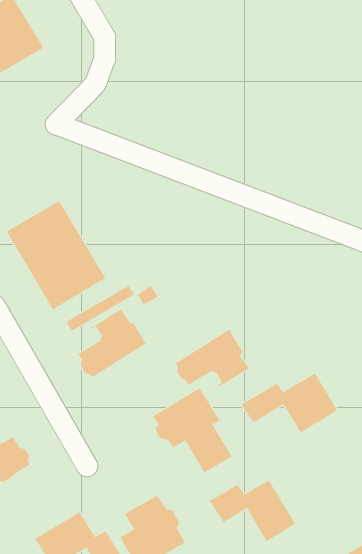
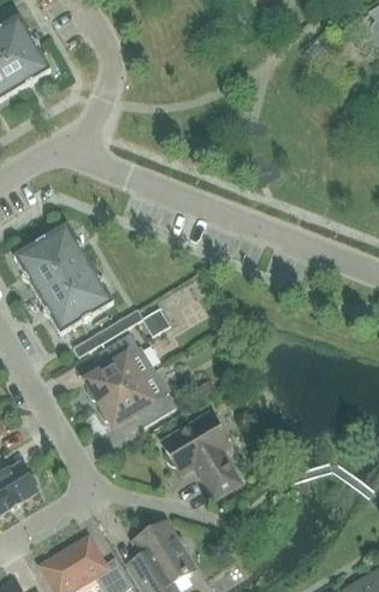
building: [175,329,250,387] -> [99,368,174,427]
building: [241,372,338,433] -> none
building: [209,479,296,542] -> none

